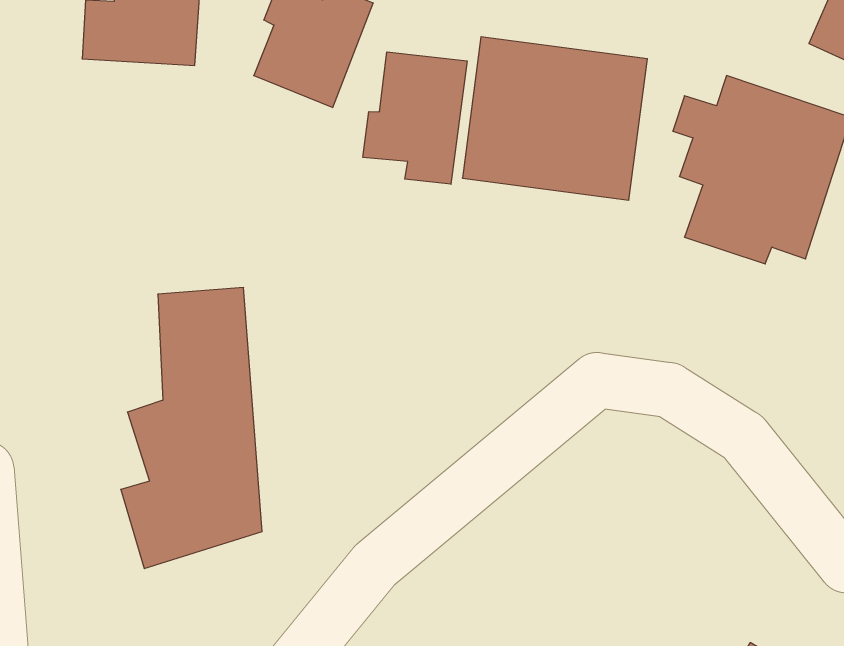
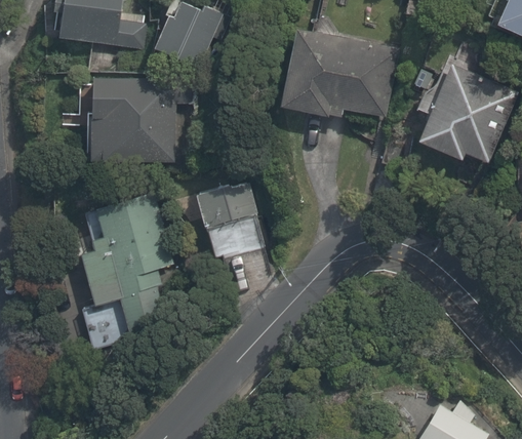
building: [363,52,467,184] -> none
building: none -> [86,72,178,167]
building: none -> [191,186,267,263]

